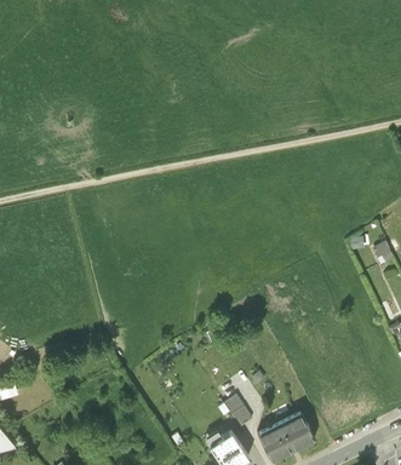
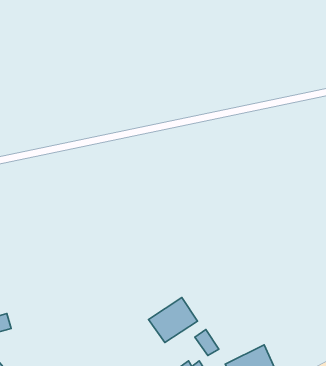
building: none -> [149,298,197,342]

